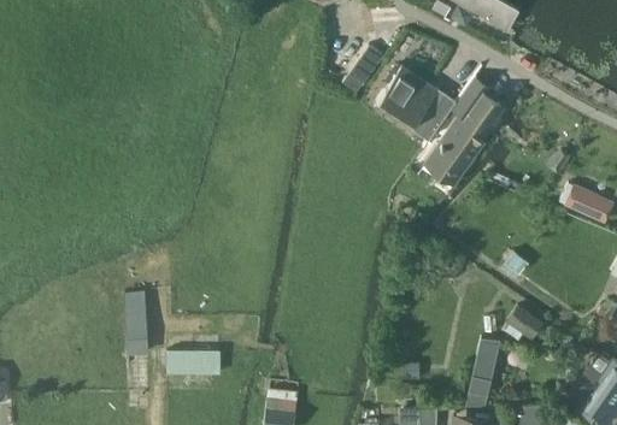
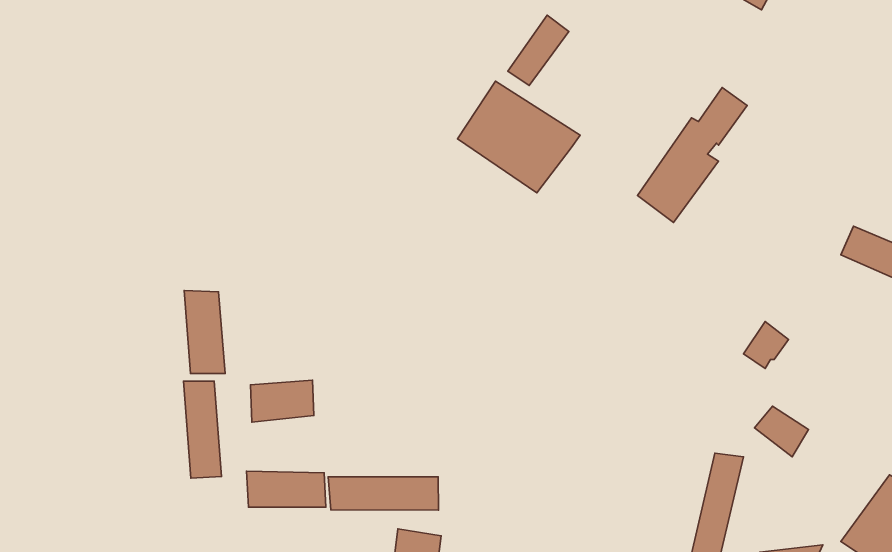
building: [376,65,458,140] -> [458,81,580,193]
building: none -> [184,291,225,374]
building: none -> [251,380,314,422]
building: none -> [328,477,439,510]

